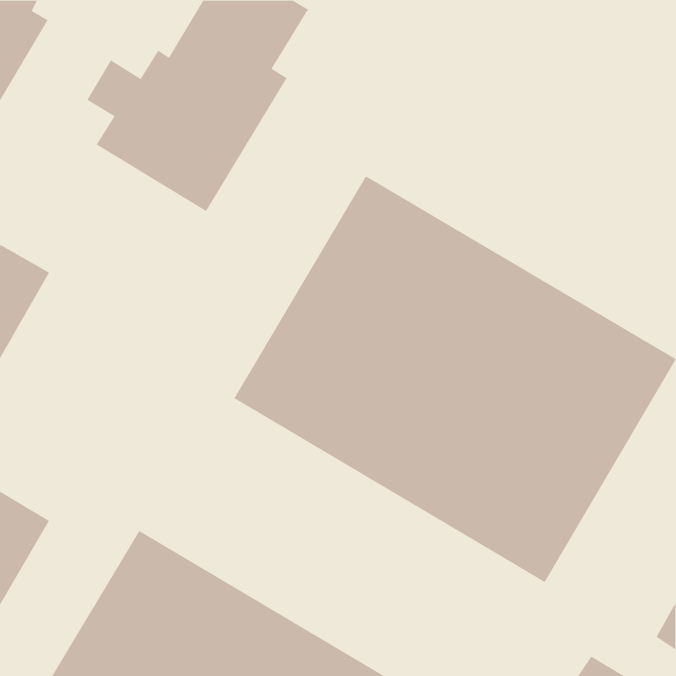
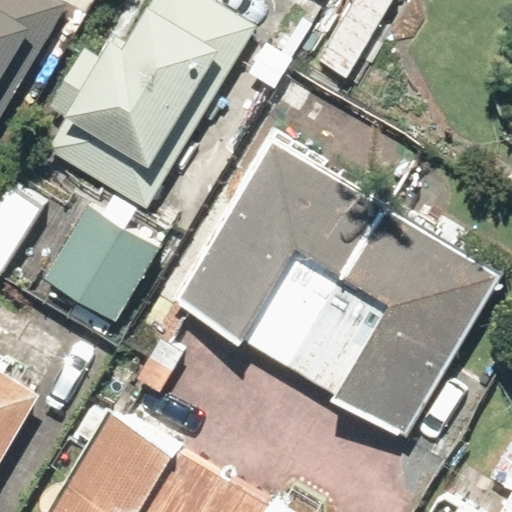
building: none -> [39,198,164,328]

